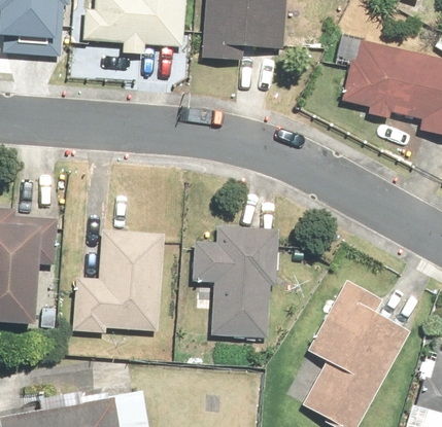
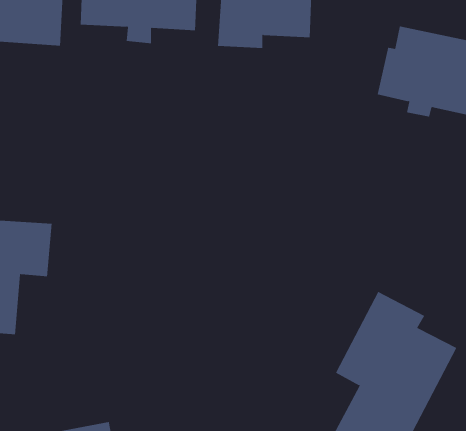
building: [192,224,279,336] -> none
building: [73,228,165,333] -> none

